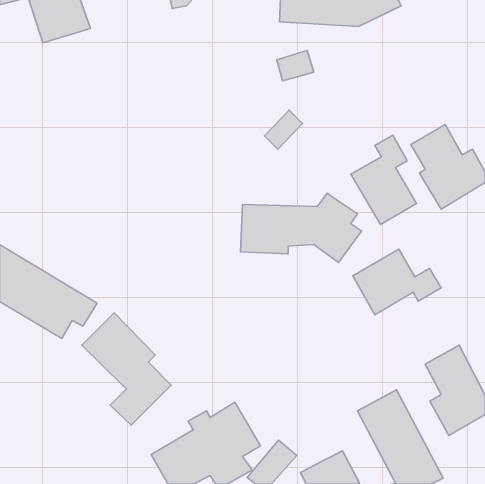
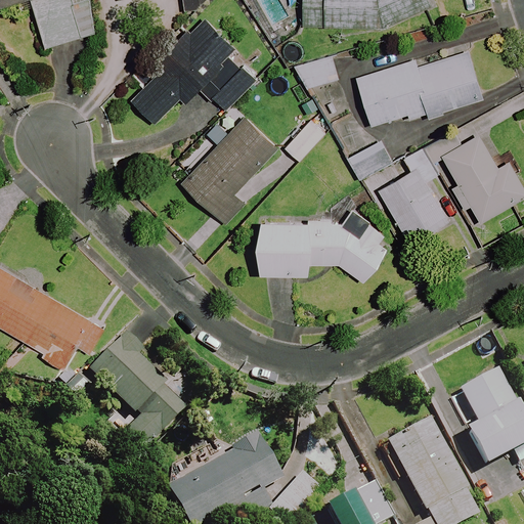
building: none -> [127,16,255,123]
building: none -> [356,50,482,125]
building: none -> [184,117,278,223]
building: none -> [347,138,393,179]
building: [353,249,441,315] -> none

